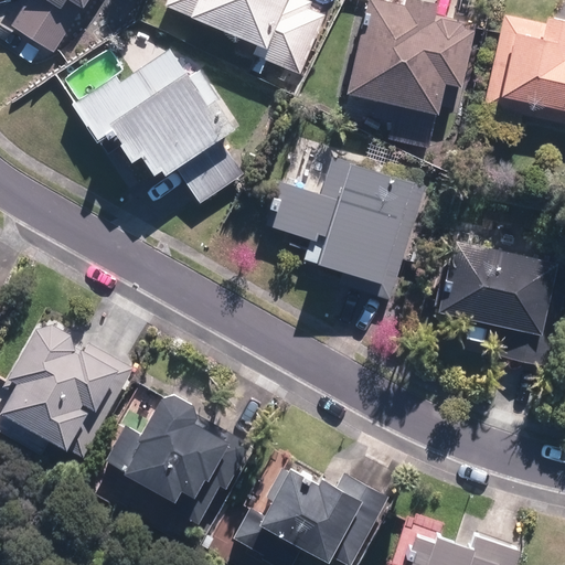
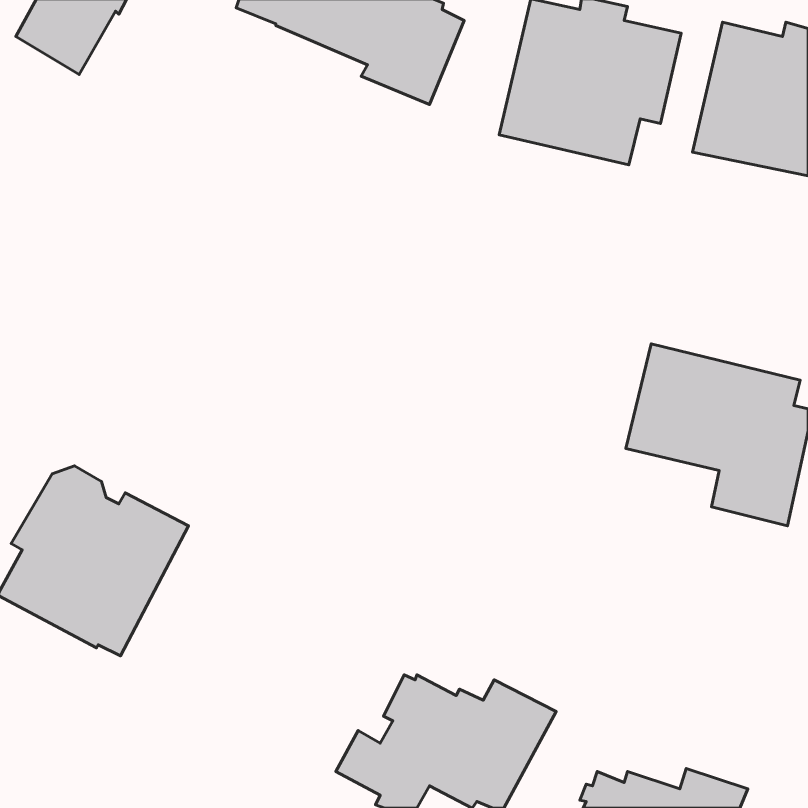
building: [74,50,244,203] -> none
building: [264,162,424,299] -> none
building: [125,395,252,523] -> none

